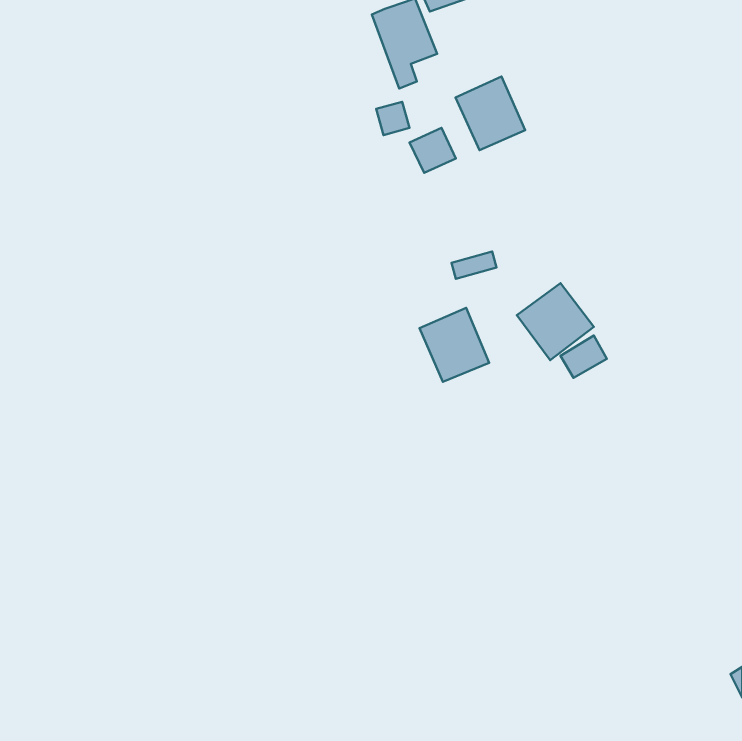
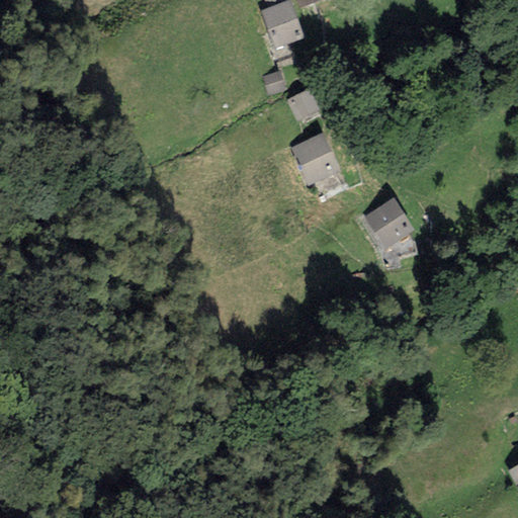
building: [455,76,525,150] -> none
building: [420,308,489,382] -> [291,133,340,184]

